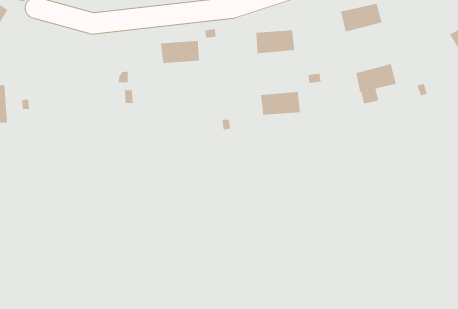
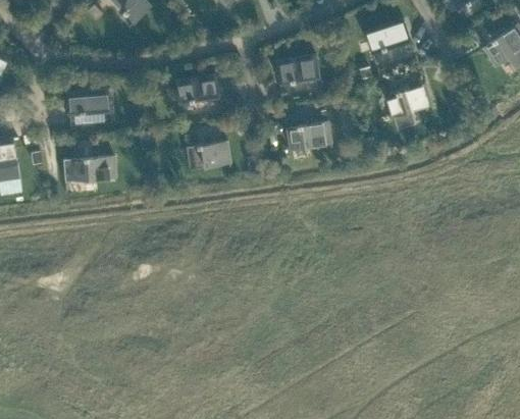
building: none -> [67,89,110,114]
building: none -> [187,142,229,170]
building: none -> [63,156,115,182]

